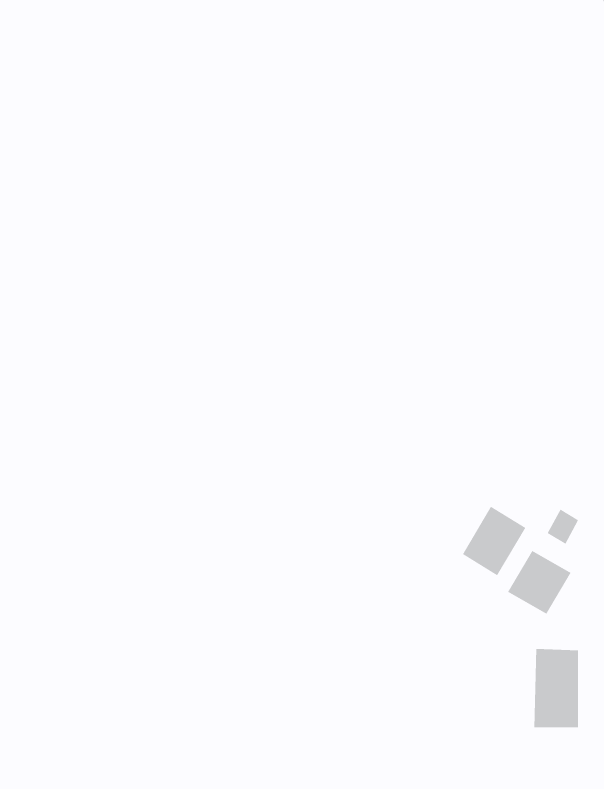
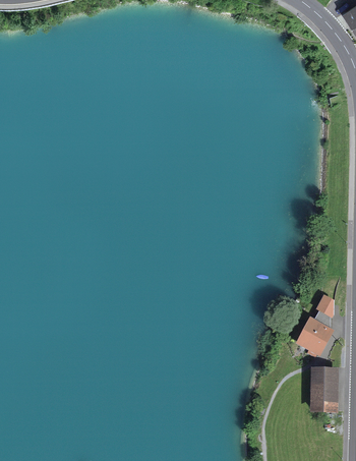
building: [462,506,526,576] -> none

